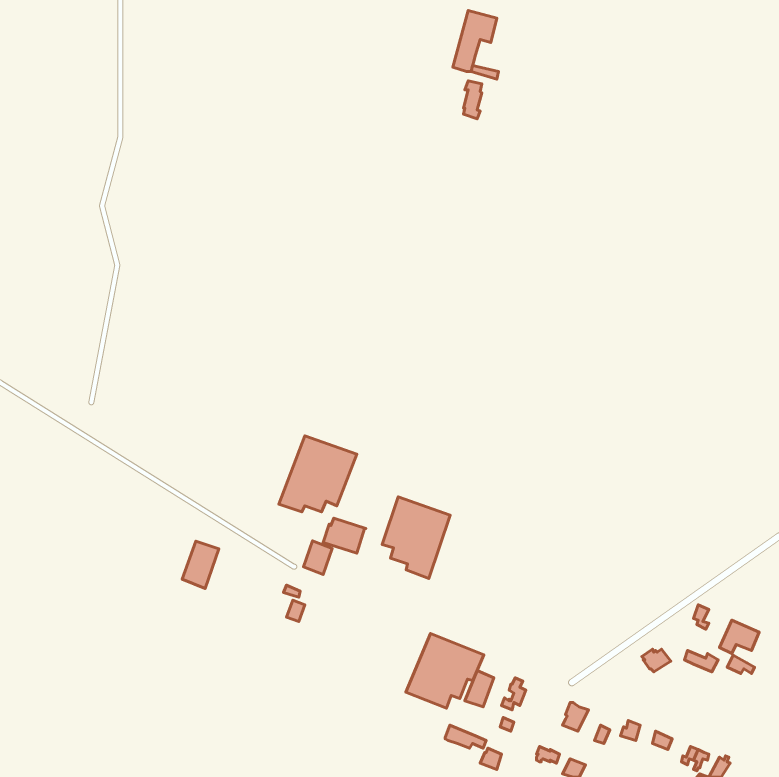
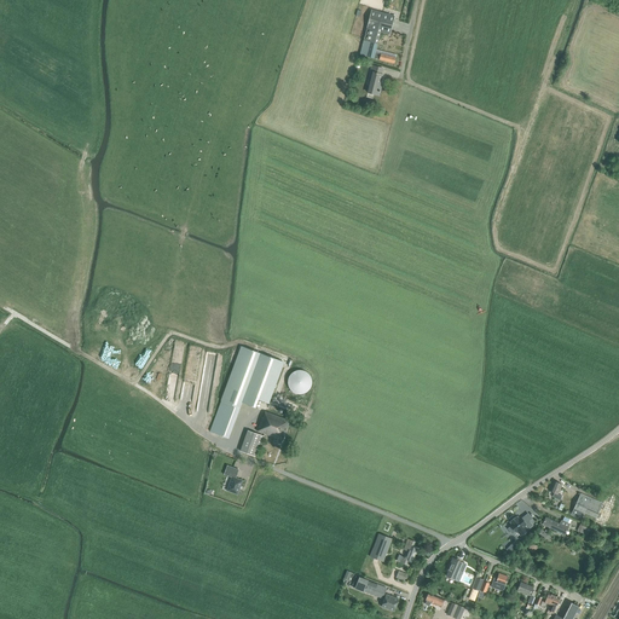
building: [382,497,450,578] -> none
building: [182,541,219,588] -> [210,400,239,438]
building: [406,633,484,708] -> none

